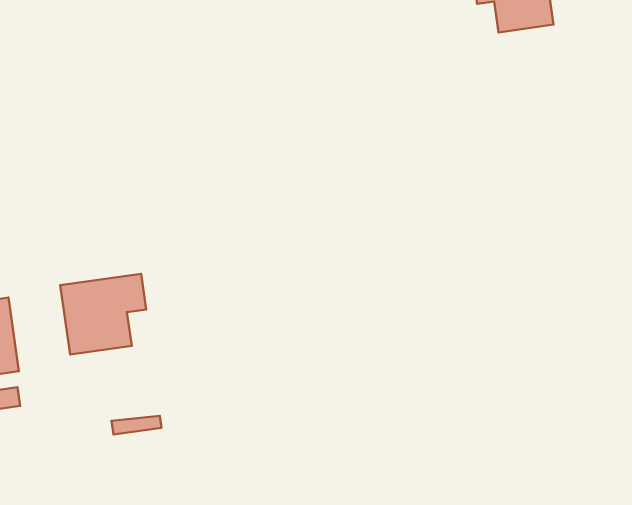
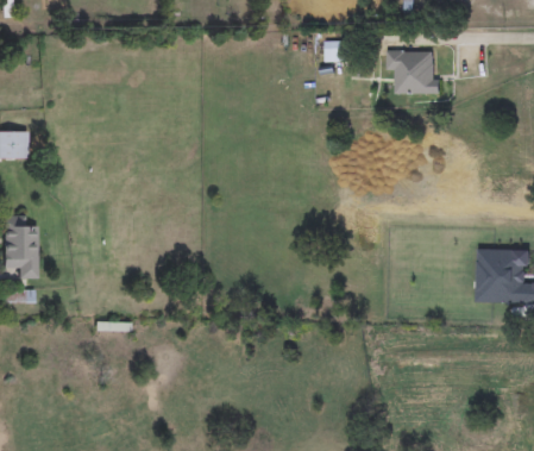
building: [60,274,146,355] -> none

